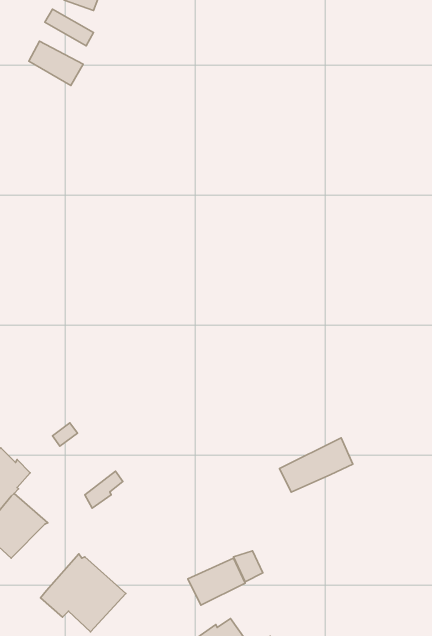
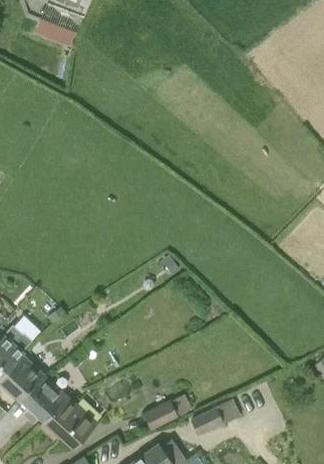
building: [29,41,83,85] -> none
building: [279,438,353,492] -> [189,399,239,436]
building: none -> [19,376,69,424]

